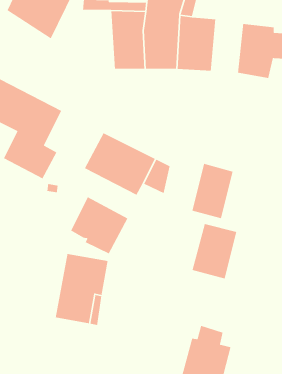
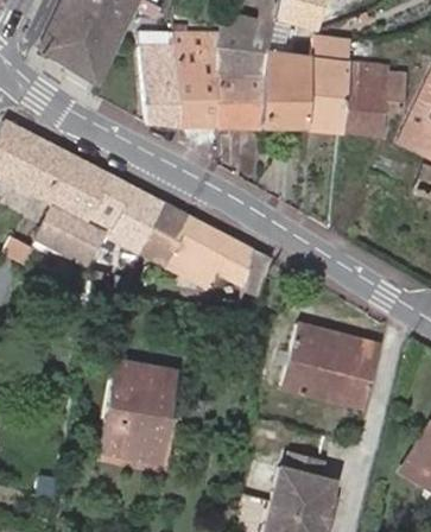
building: none -> [308,39,349,127]
building: none -> [139,45,180,122]
building: [192,163,233,219] -> [325,334,380,407]
building: [70,196,128,254] -> [90,176,166,252]

